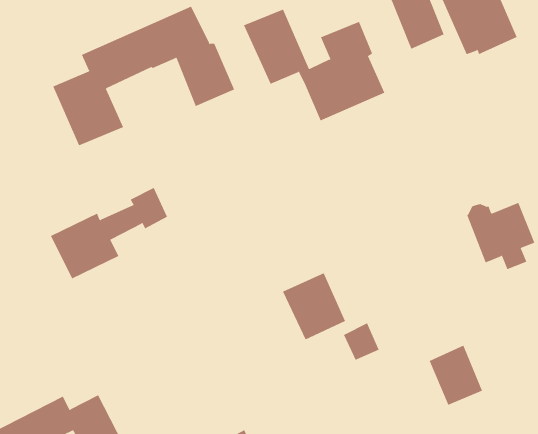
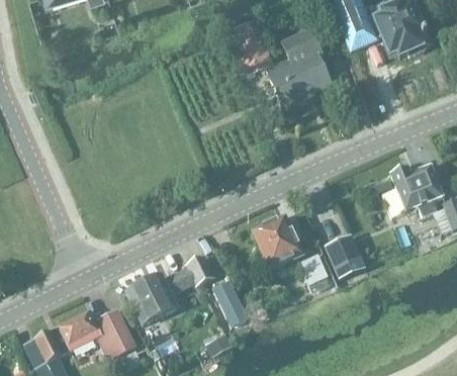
building: [53,6,235,146] -> none
building: [50,187,168,279] -> [126,255,214,323]
building: [429,345,483,406] -> [325,233,365,279]
building: none -> [209,278,248,327]

